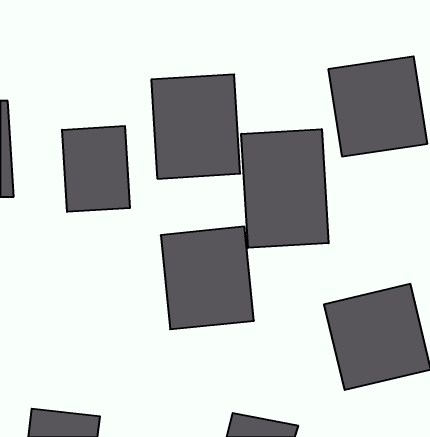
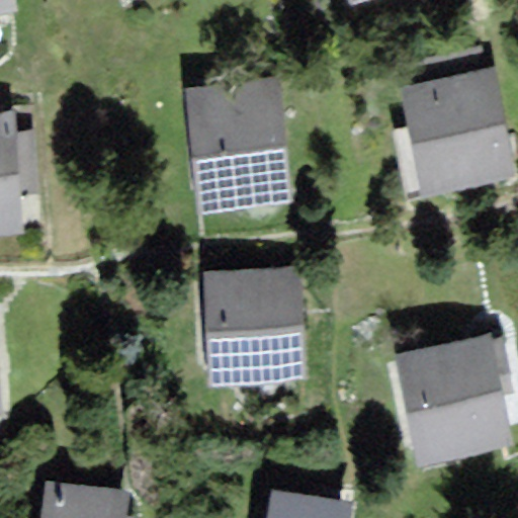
building: [62,126,130,212] -> none
building: [241,129,329,248] -> none

